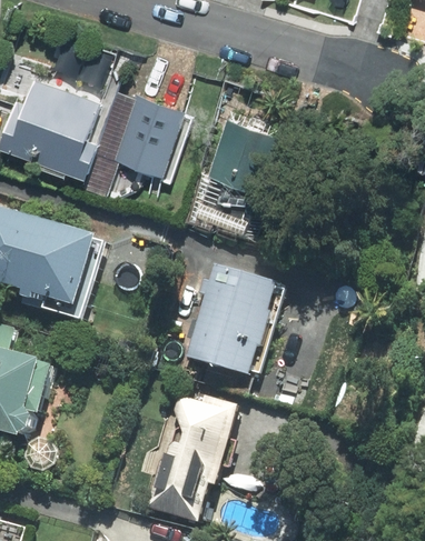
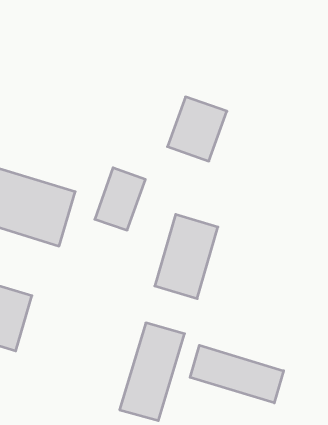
building: [7,80,109,169] -> none
building: [116,93,178,170] -> [95,168,145,230]
building: none -> [190,345,284,403]

